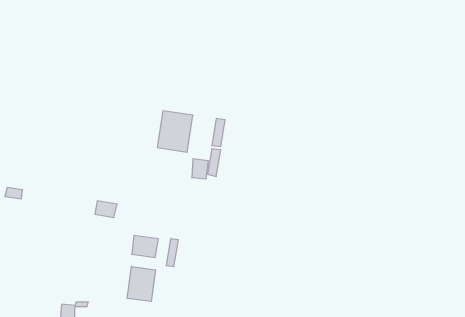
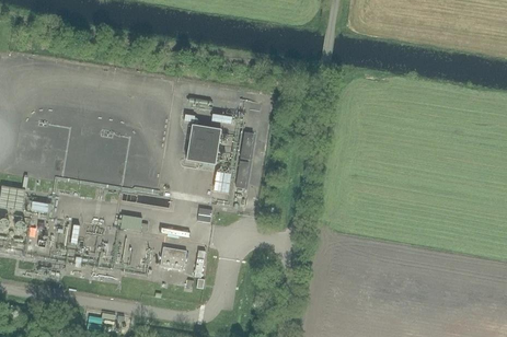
building: [127,266,155,302] -> none

